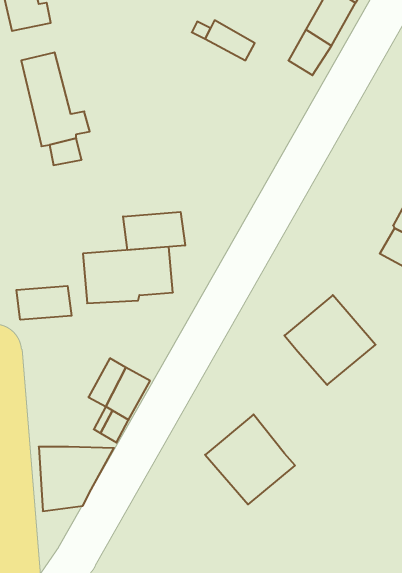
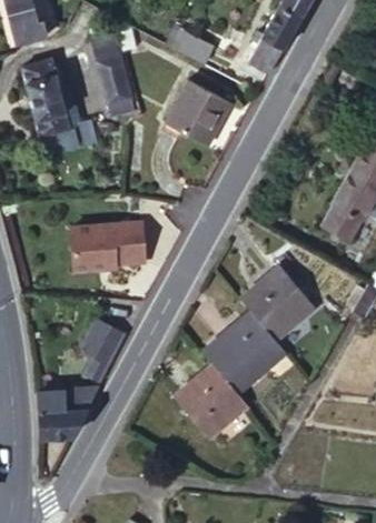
building: none -> [91,33,136,119]
building: none -> [167,83,229,147]
building: [123,212,185,250] -> none
building: [16,286,72,320] -> none
building: none -> [205,309,290,393]

